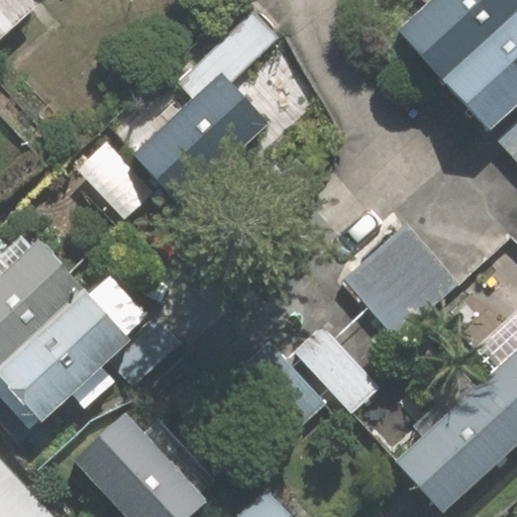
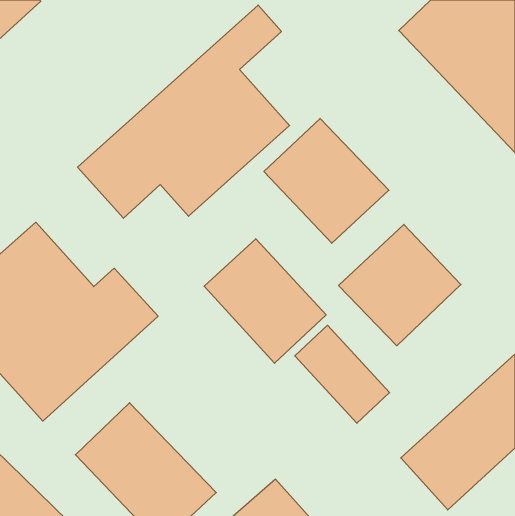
building: none -> [264,118,389,243]
building: none -> [204,239,326,363]

